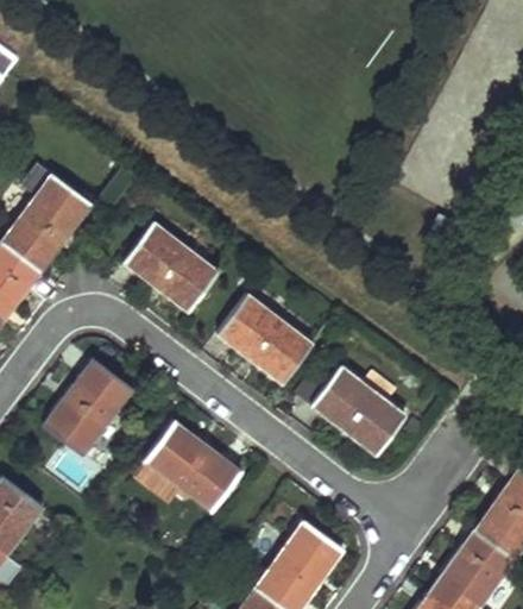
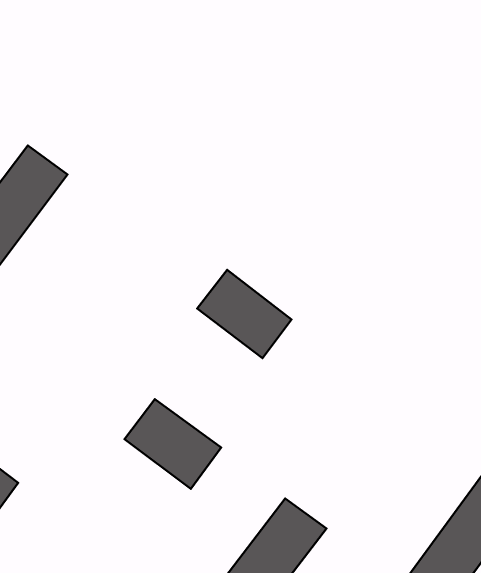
building: [122,224,218,314] -> none
building: [44,362,132,456] -> none
building: [310,366,405,454] -> none

